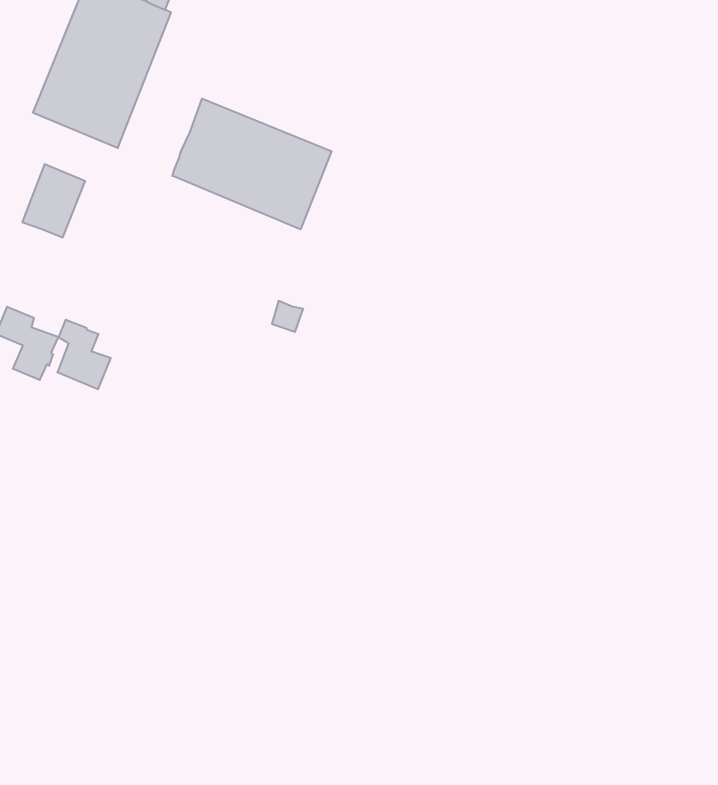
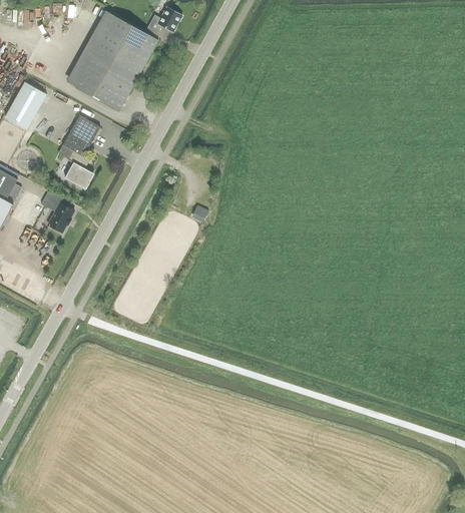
building: [172,99,331,229] -> none
building: [57,320,111,389] -> [63,149,93,189]

